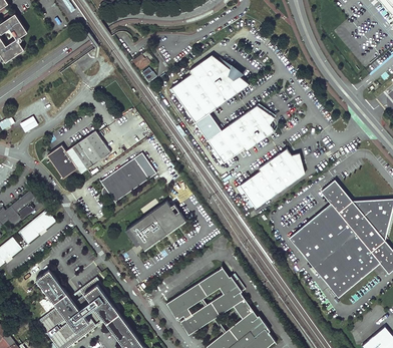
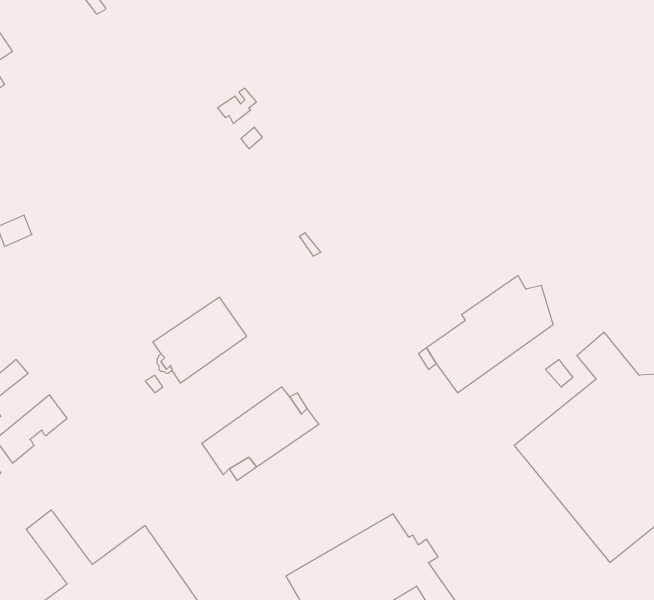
building: [170,55,249,123] -> none
building: [206,104,273,162] -> none
building: [46,132,109,179] -> none

